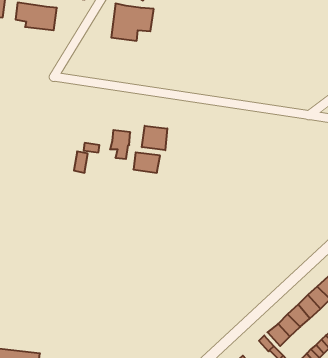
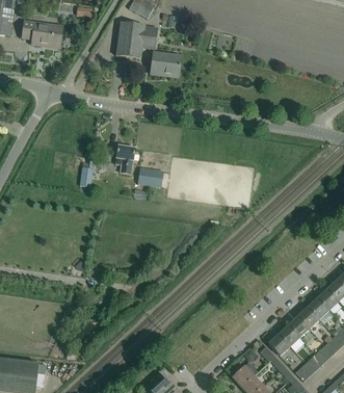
building: none -> [150,51,181,76]
building: [142,126,167,150] -> none

